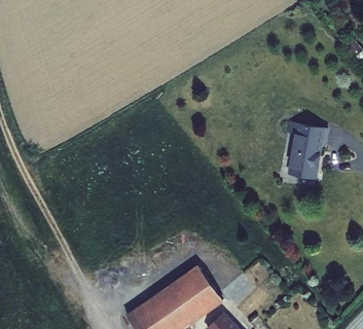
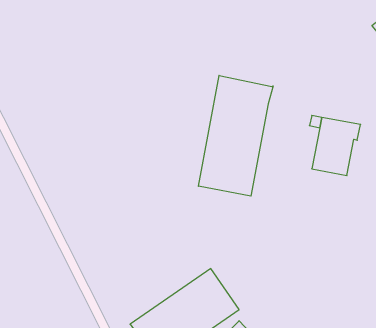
building: none -> [198,75,273,196]

